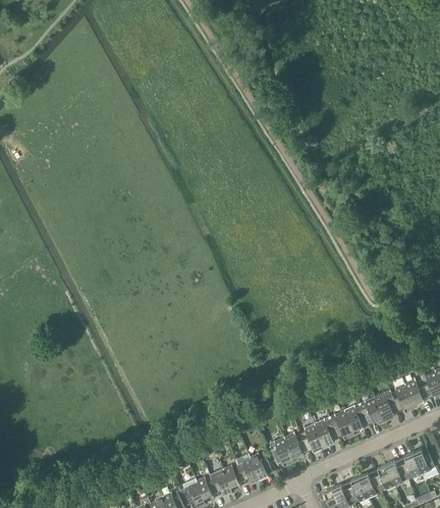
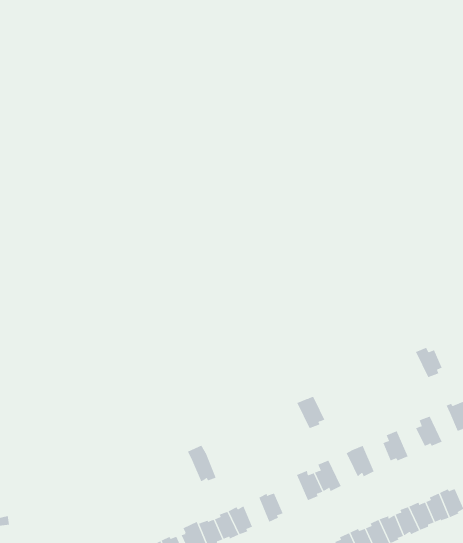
building: [404,379,429,407] -> [415,347,443,378]
building: [375,393,399,420] -> none
building: [344,406,369,434] -> none
building: [314,417,339,447] -> [297,396,325,429]
building: [269,437,294,465] -> none
building: [233,450,260,484] -> [187,445,217,482]

